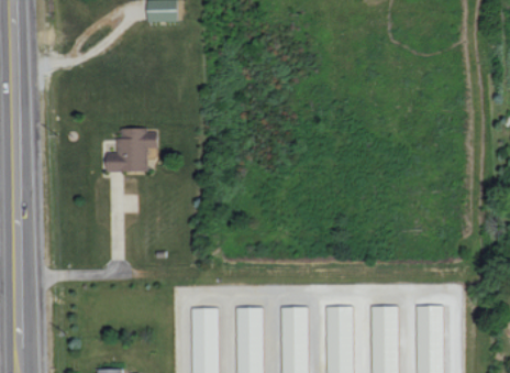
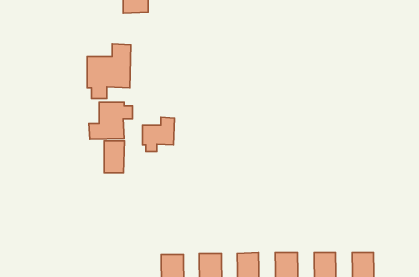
building: none -> [87,44,131,98]
building: none -> [143,117,174,151]
building: none -> [104,141,124,173]

